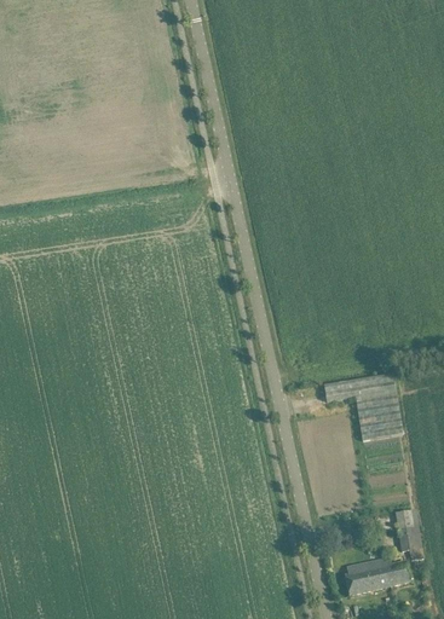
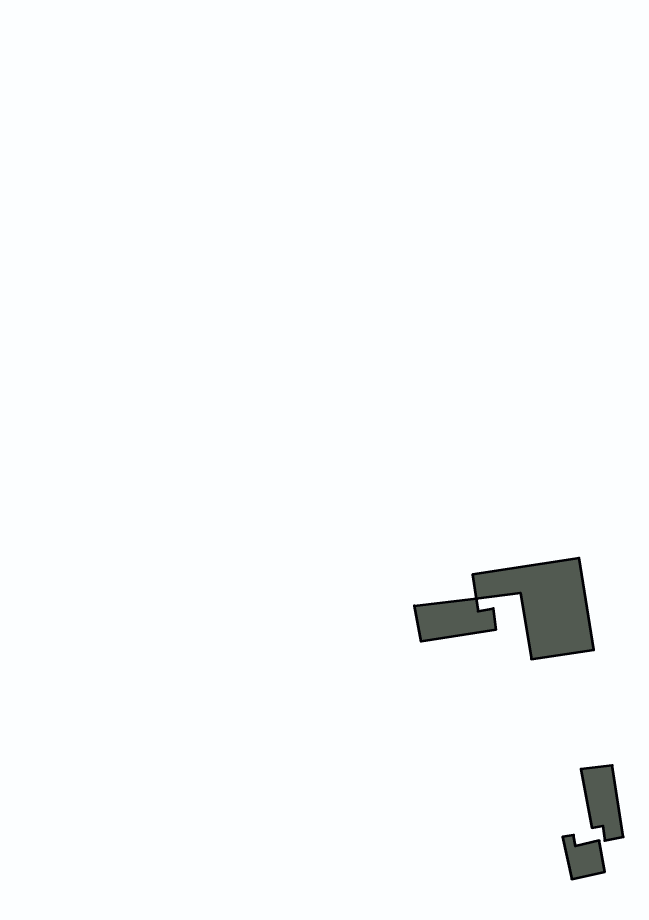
building: none -> [414,598,496,641]
building: [345,557,388,594] -> none

